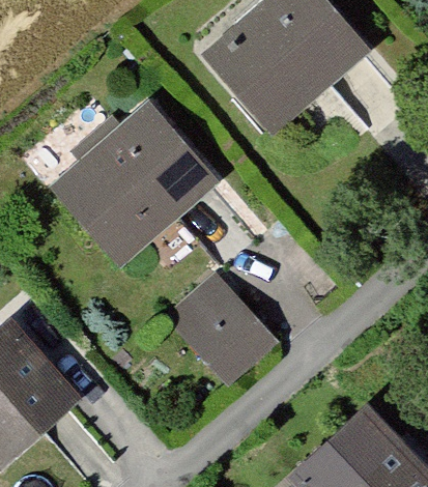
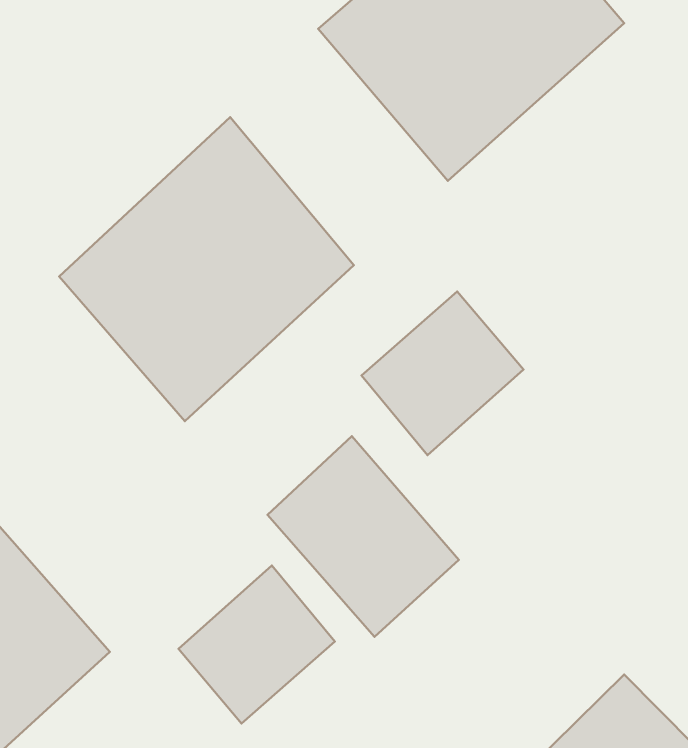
building: none -> [361,291,524,455]
building: none -> [178,566,335,723]

